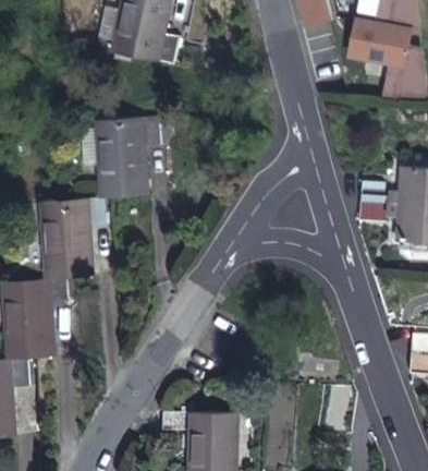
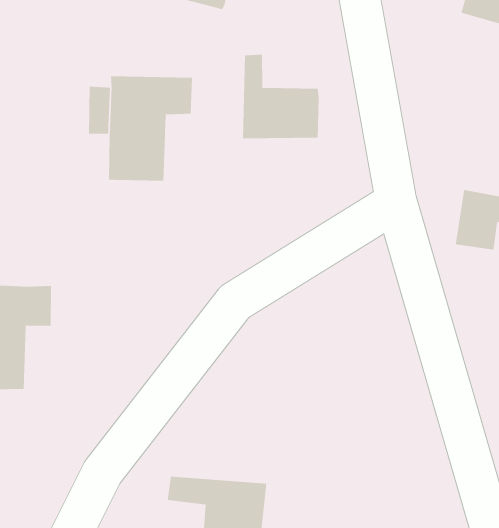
building: none -> [242,54,319,139]
building: [44,196,107,279] -> none

